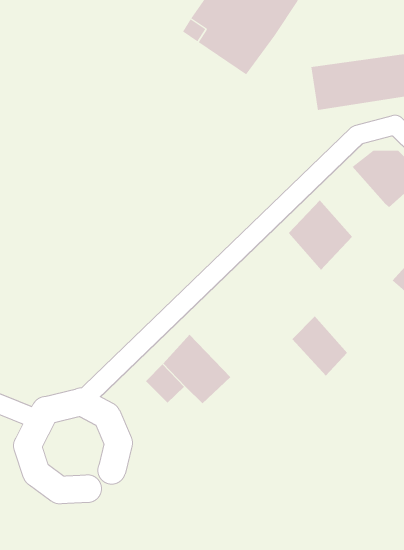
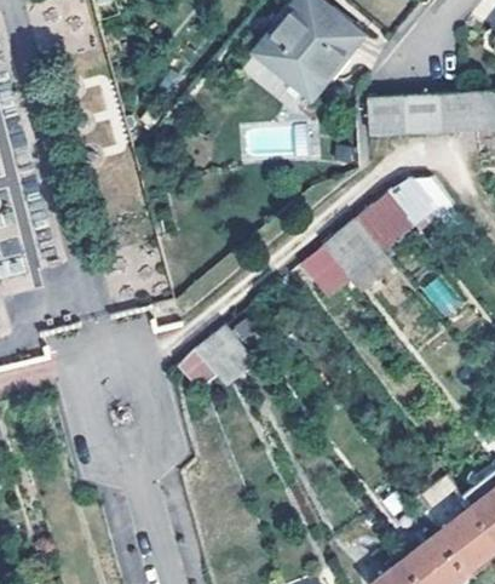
building: none -> [363,189,421,252]
building: [291,315,348,377] -> [309,244,358,299]

